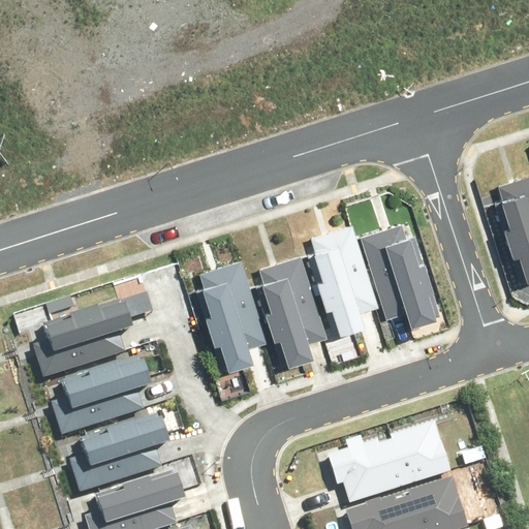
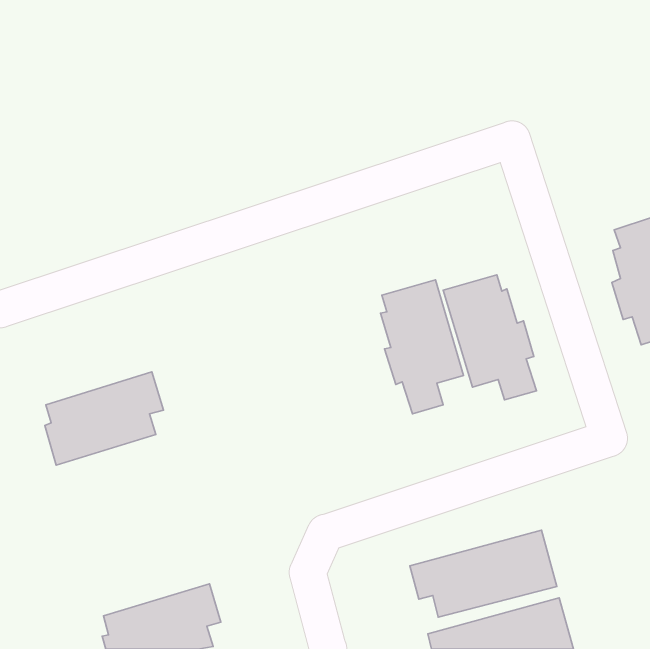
building: [258,255,325,364] -> none
building: [196,259,263,368] -> none
building: [57,356,153,432] -> none
building: [73,411,169,487] -> none

